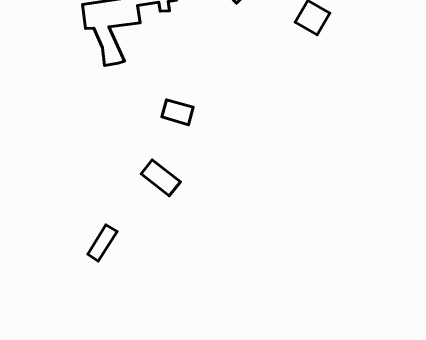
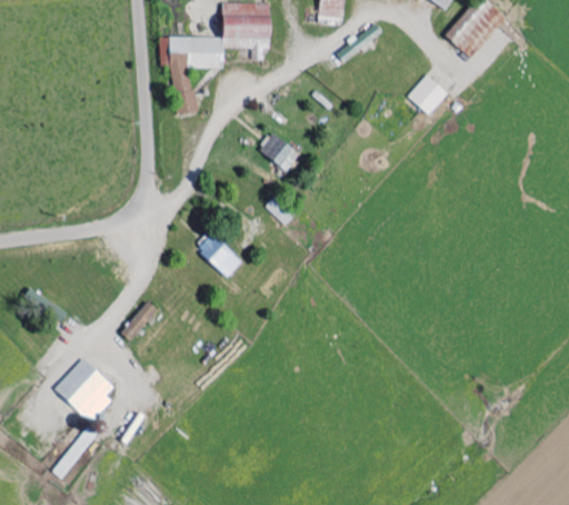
building: [162,100,193,125] -> [258,132,297,166]
building: none -> [54,356,114,420]

